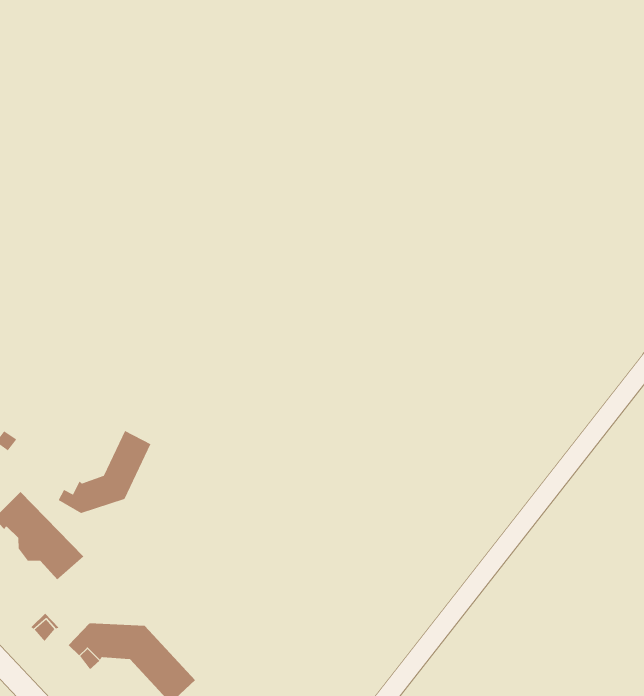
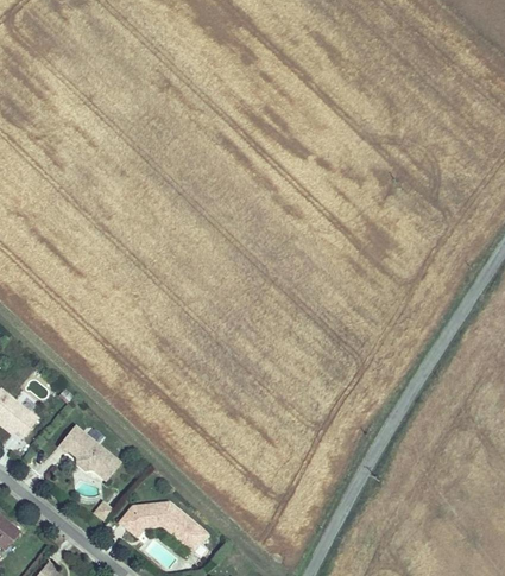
building: [58,430,151,514] -> none

